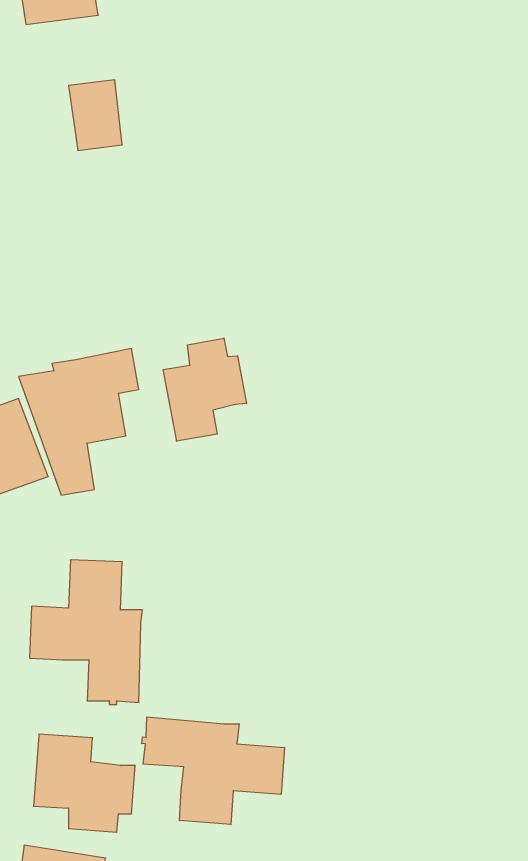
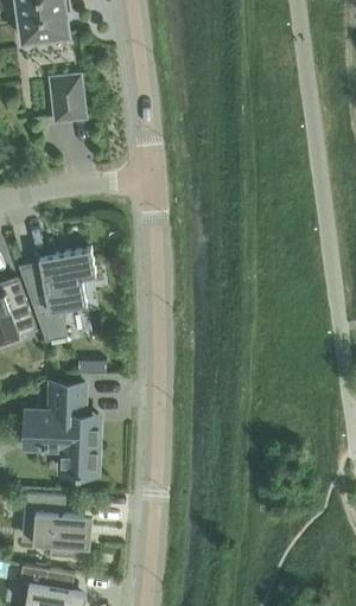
building: [163,338,247,441] -> none
building: [142,717,285,825] -> none

